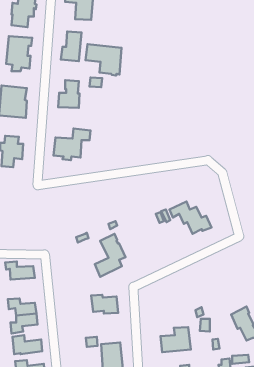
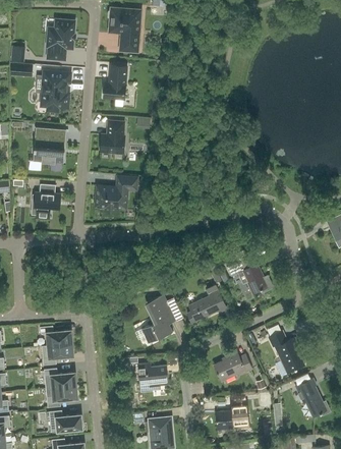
building: [85,44,121,76] -> none
building: none -> [186,285,226,323]
building: none -> [269,332,303,374]
building: none -> [43,345,74,367]
building: none -> [214,352,251,381]

